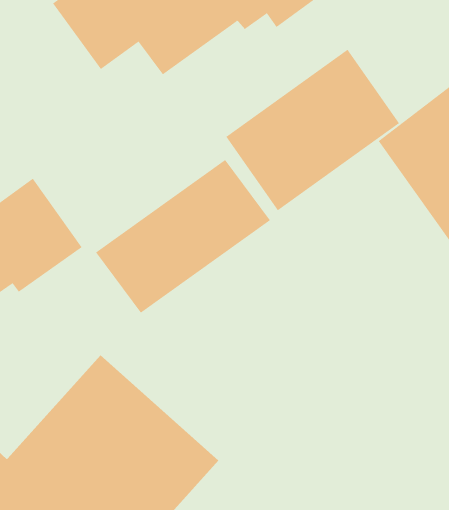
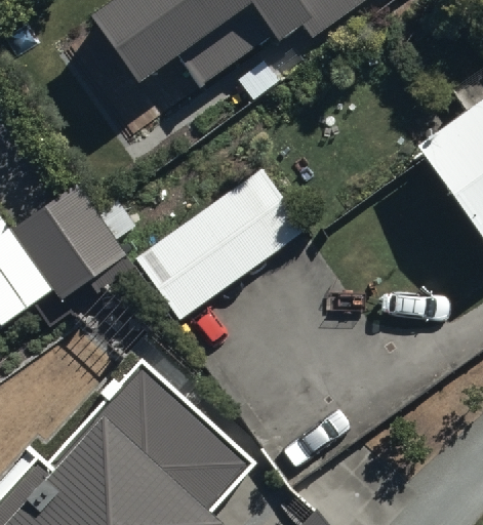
building: [226,49,400,211] -> none

